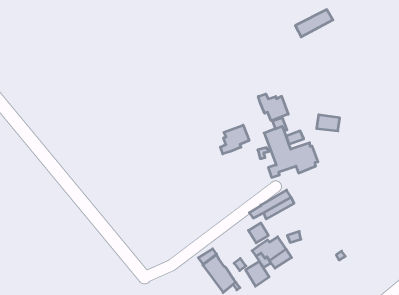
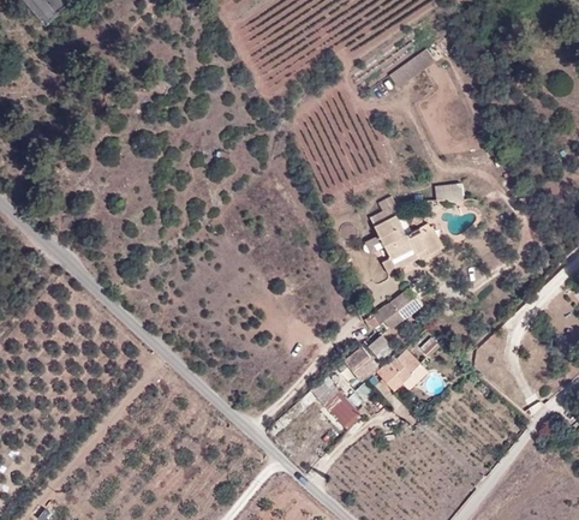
building: [258,94,288,121] -> none
building: [220,125,249,154] -> none
building: [246,261,269,286] -> [345,346,376,378]

